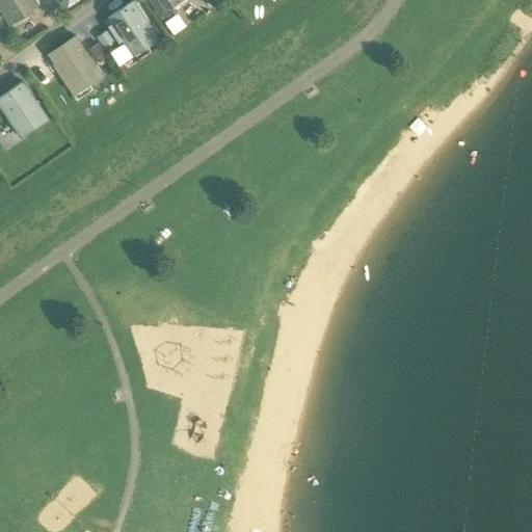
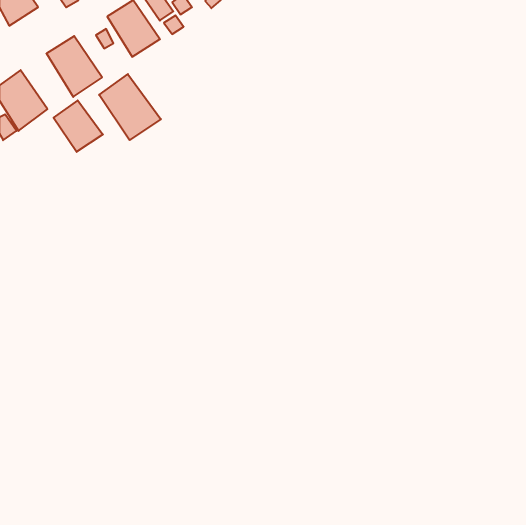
building: none -> [99,74,161,140]
building: none -> [54,100,103,152]

